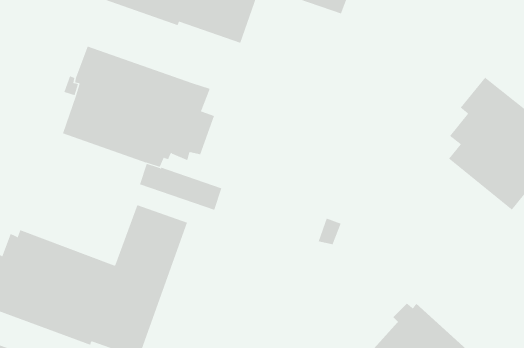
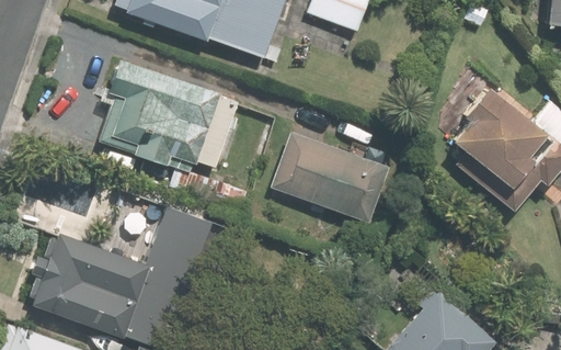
building: none -> [270,133,389,223]

